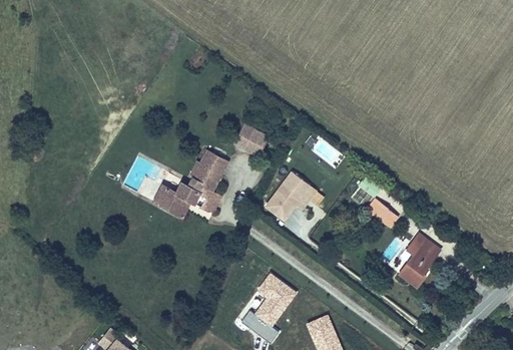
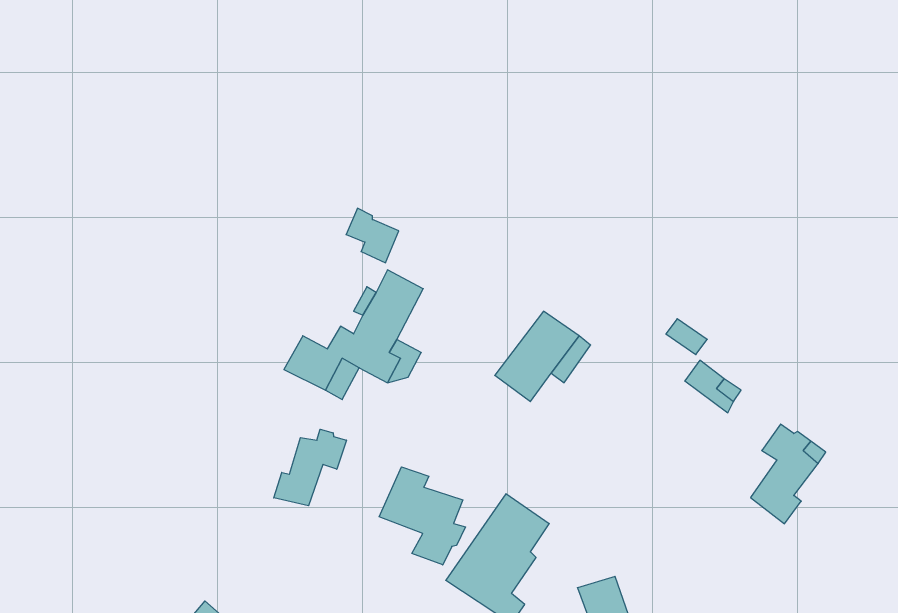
building: [239,123,268,152] -> [346,208,399,263]
building: none -> [274,429,346,506]
building: none -> [379,467,465,565]

